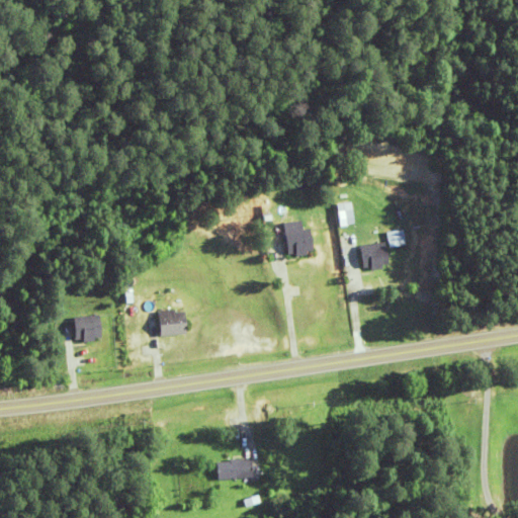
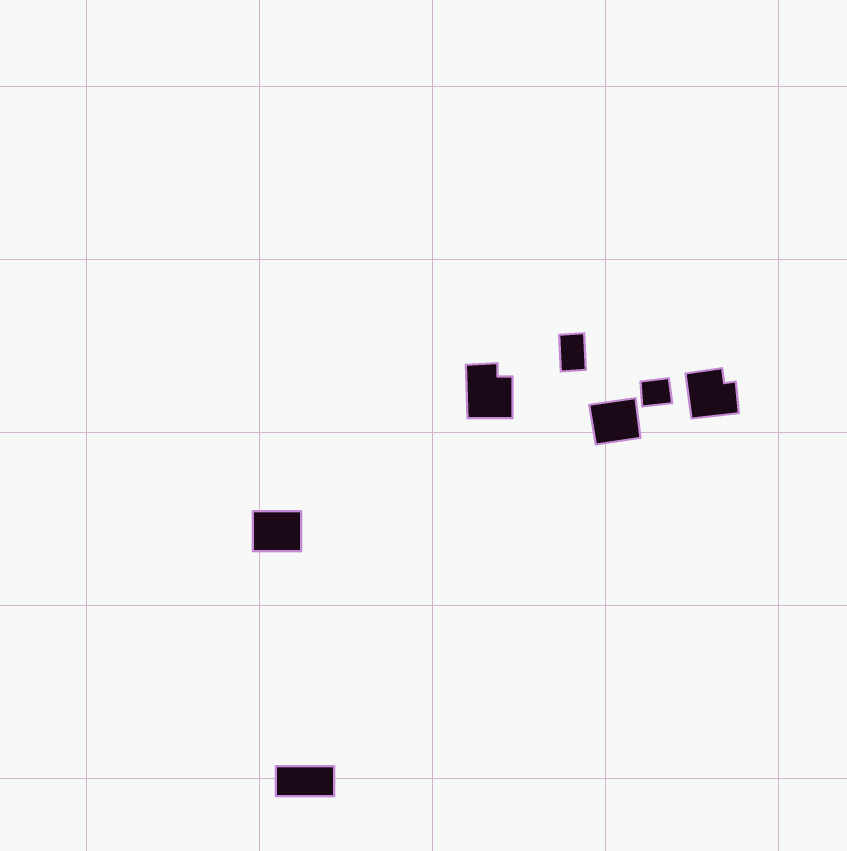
building: none -> [685,368,739,418]
building: [73,315,100,340] -> none
building: [213,459,249,478] -> [276,766,334,796]

